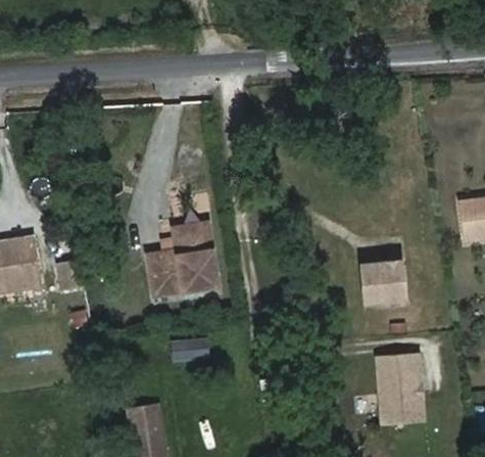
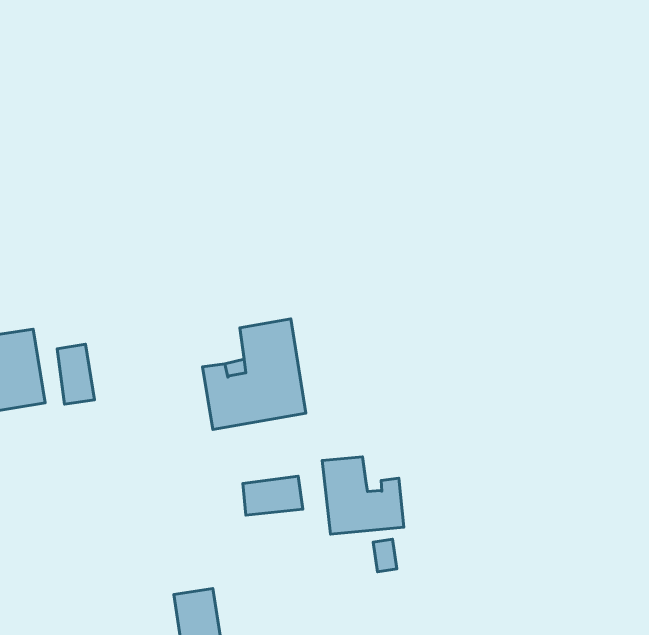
building: [358,259,404,304] -> none
building: none -> [322,457,404,534]
building: [377,352,426,420] -> none

